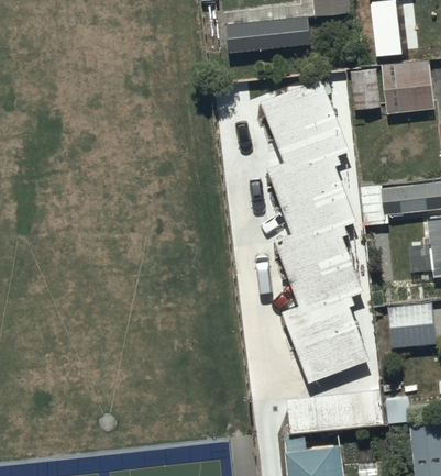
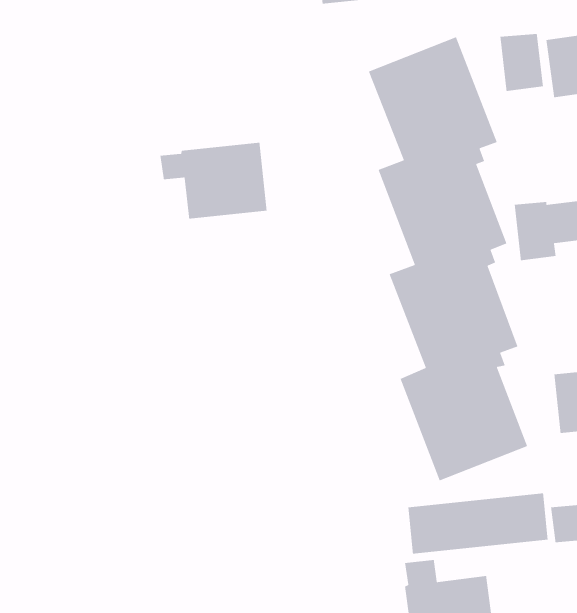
building: none -> [160,142,267,219]

